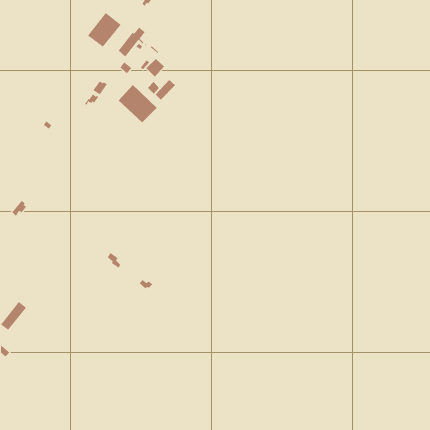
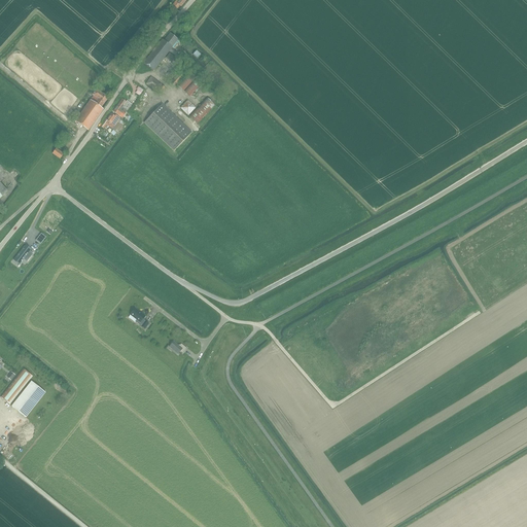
building: [87,12,121,48] -> none
building: none -> [76,89,109,130]
building: none -> [11,381,45,416]

